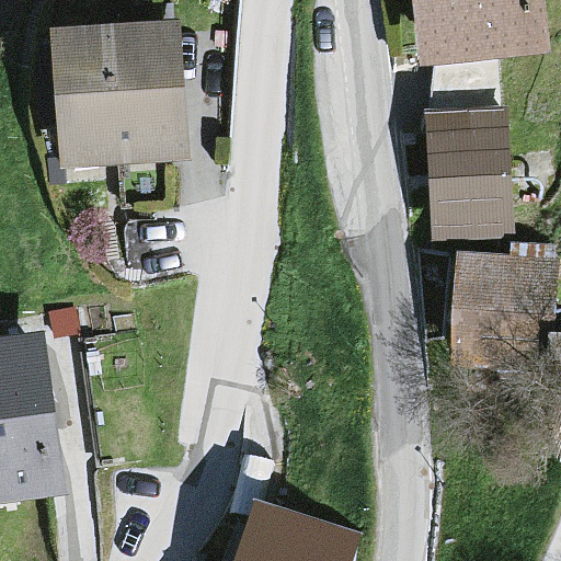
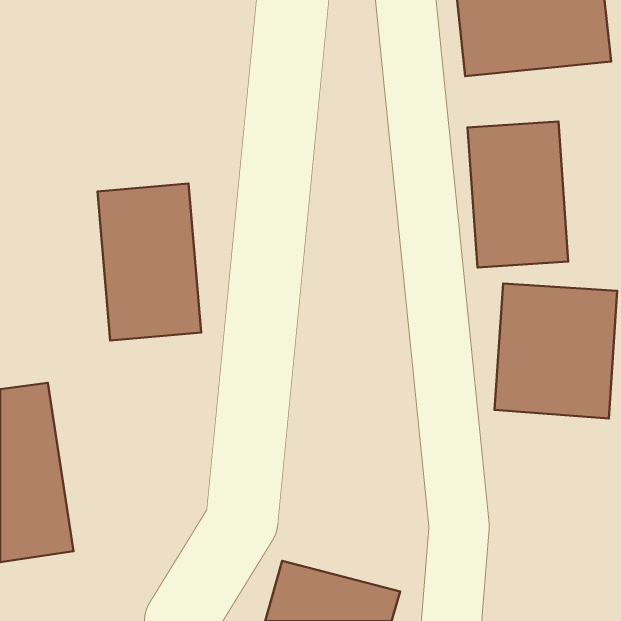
building: [47,18,188,171] -> none
building: none -> [97,183,201,340]

